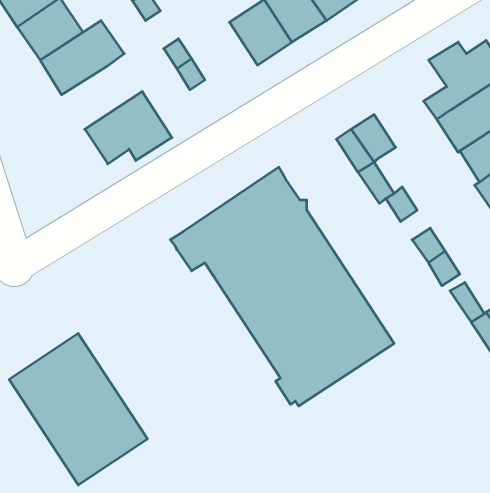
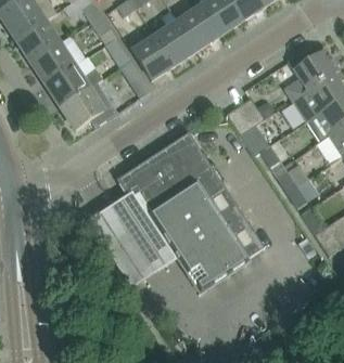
building: none -> [132,36,174,79]
building: none -> [44,65,103,106]
building: [9,333,147,485] -> [87,183,178,283]

